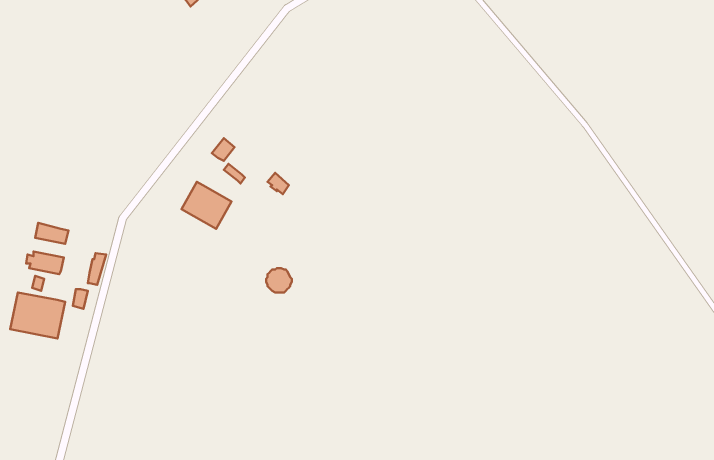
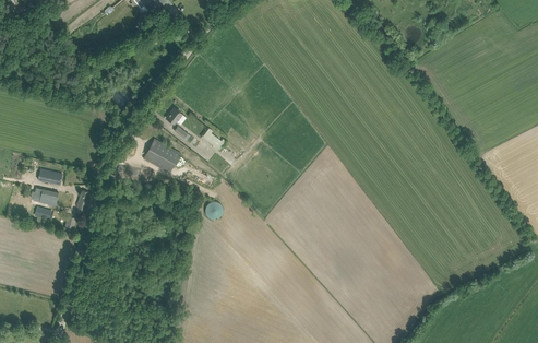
building: [10,292,65,339] -> none

